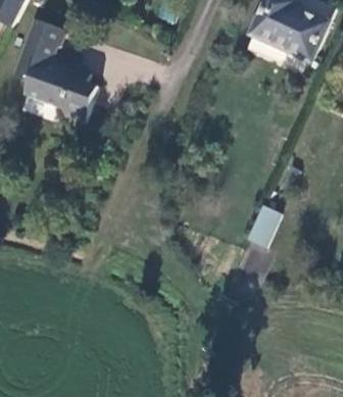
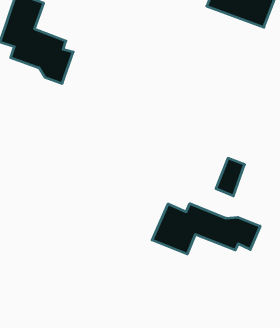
building: none -> [152,204,260,254]

